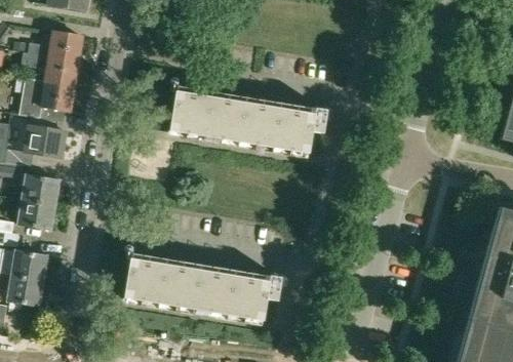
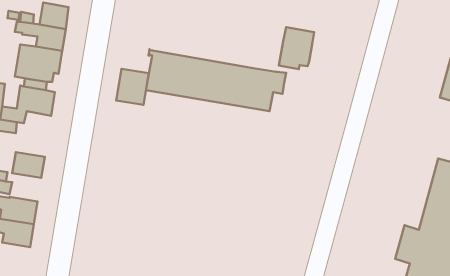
building: none -> [279,27,314,69]
building: none -> [116,69,149,105]
building: [23,173,60,205] -> none
building: [123,251,280,320] -> none

